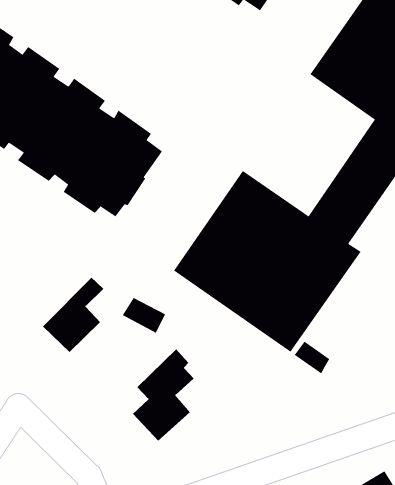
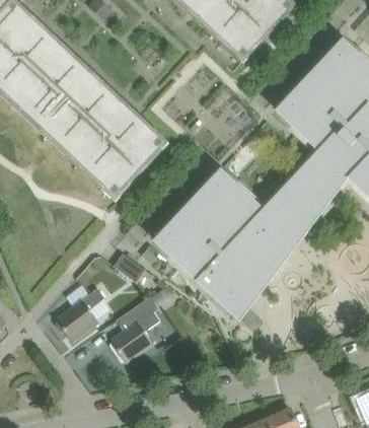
building: [42,277,104,353] -> [56,287,105,341]

